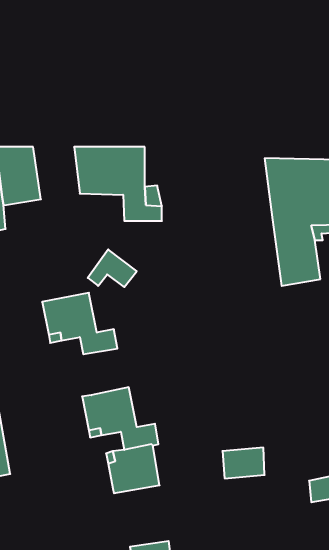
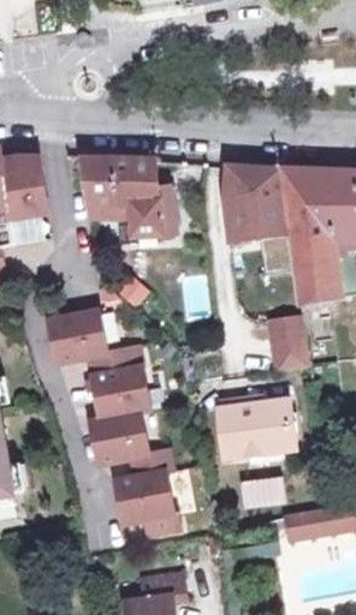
building: none -> [225,165,291,243]
building: none -> [269,314,309,368]
building: none -> [91,345,149,418]
building: none -> [218,398,295,456]
building: none -> [280,508,331,539]

